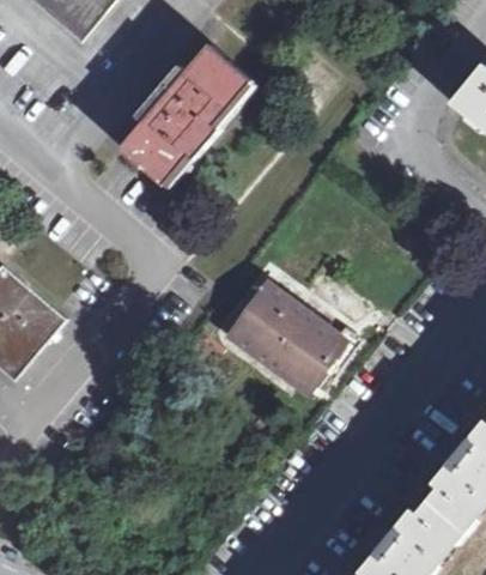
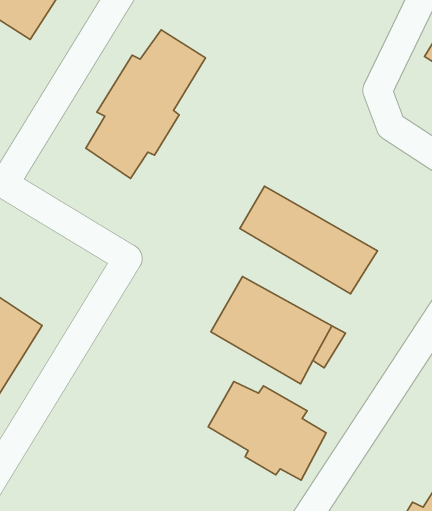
building: none -> [240,186,377,294]
building: none -> [208,382,326,480]

